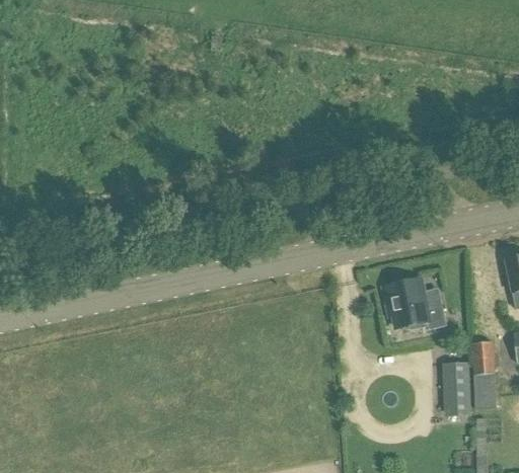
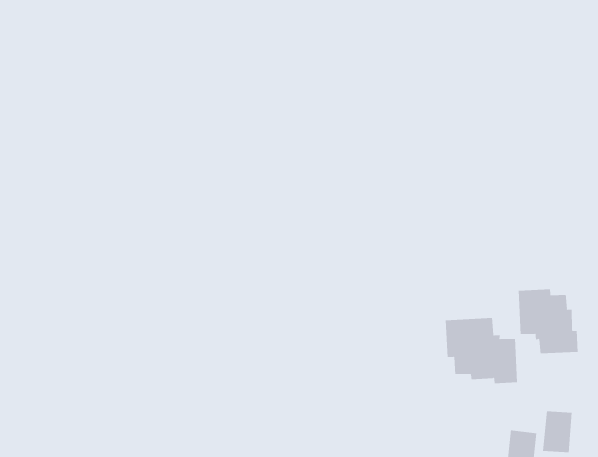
building: none -> [518,289,578,354]

